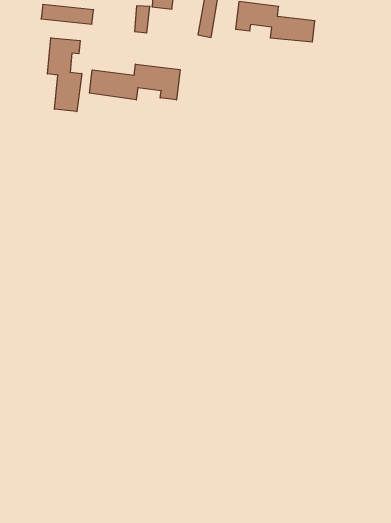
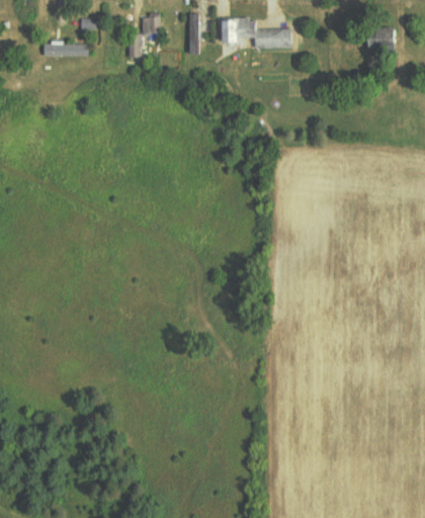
building: [47,38,82,112] -> none
building: [89,64,180,100] -> none

